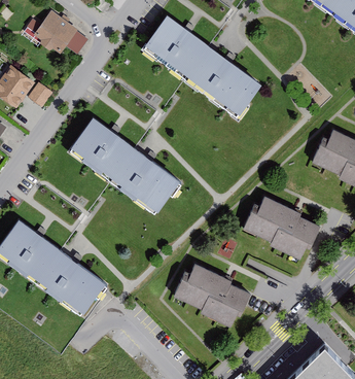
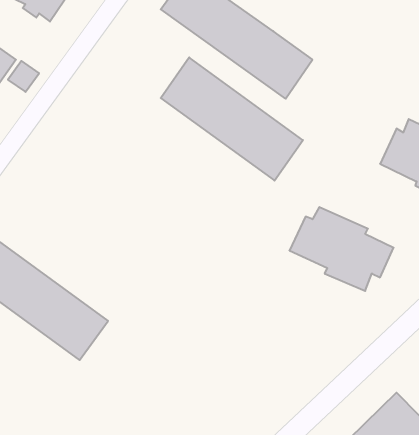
building: [71,117,179,211] -> [161,57,303,181]
building: [174,265,252,329] -> none

